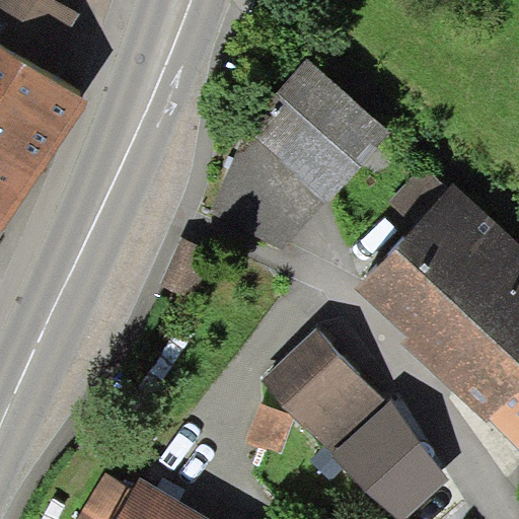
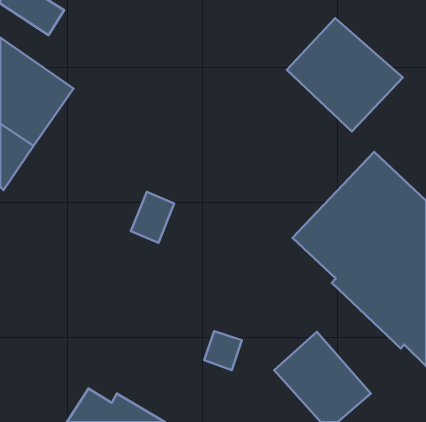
building: [250,64,391,202] -> [287,18,403,132]
building: [262,327,385,450] -> none

